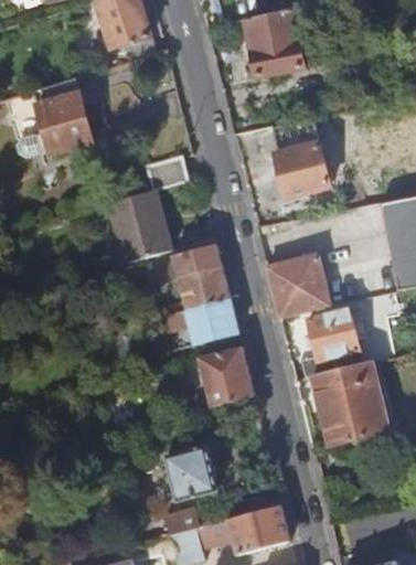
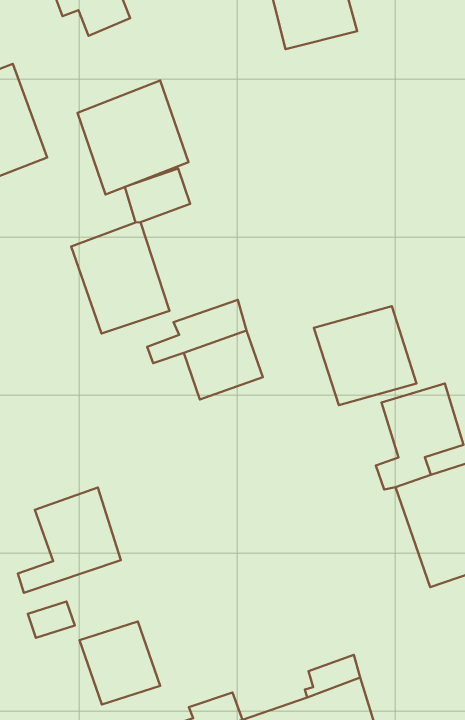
building: none -> [77,81,188,194]
building: [273,120,330,199] -> none
building: [160,298,237,343] -> none
building: [183,345,253,413] -> [18,487,121,593]
building: [166,446,217,500] -> [80,621,160,705]

